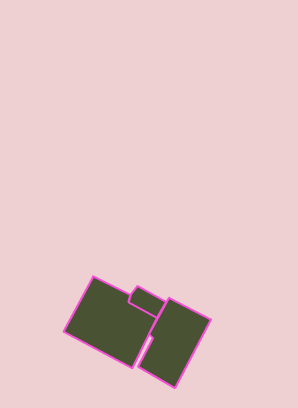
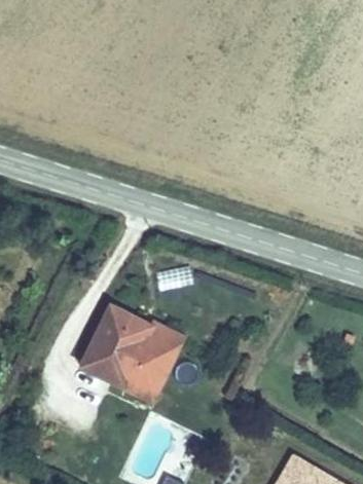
building: [138,298,211,388] -> none

